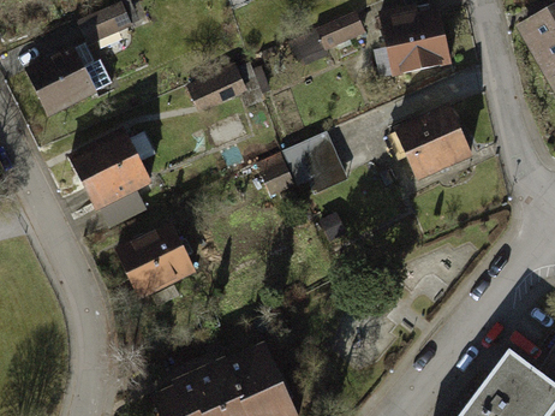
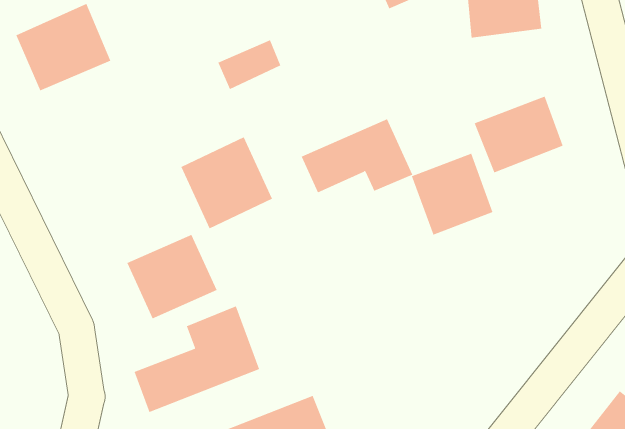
building: [76,135,149,208] -> [180,136,273,229]
building: none -> [411,153,493,235]
building: none -> [134,305,260,413]

